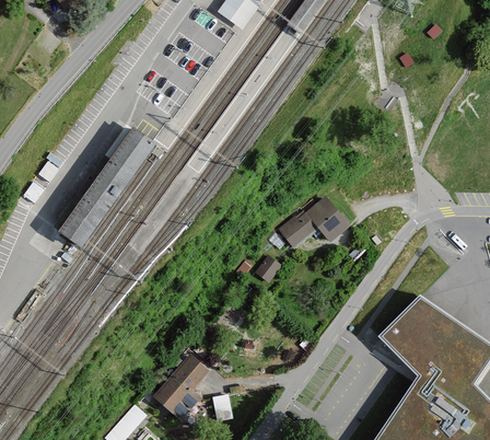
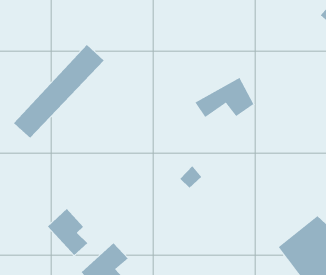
building: [278,195,348,247] -> [195,77,254,118]
building: none -> [47,208,88,256]

